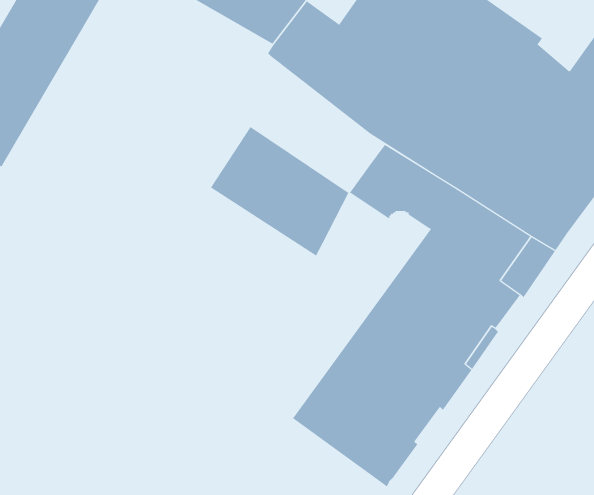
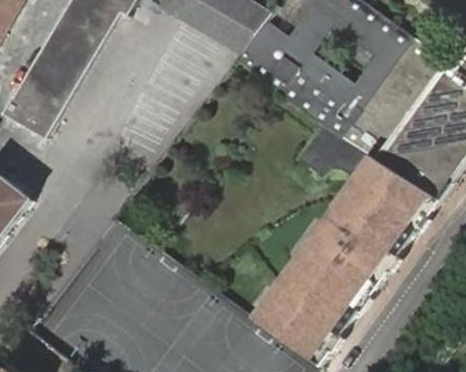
building: [210,126,349,256] -> none

